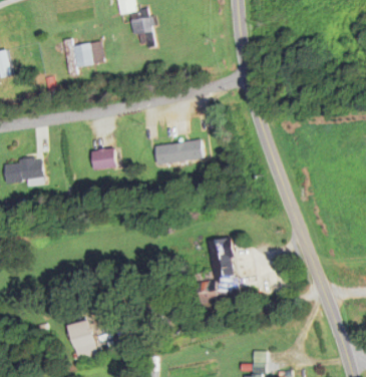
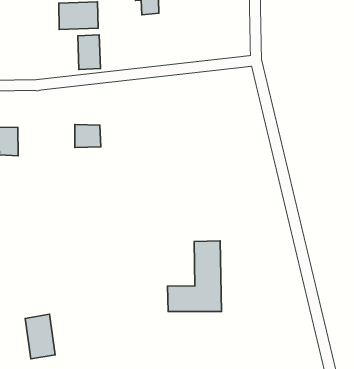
building: none -> [78,35,100,70]
building: [155,139,205,163] -> none

